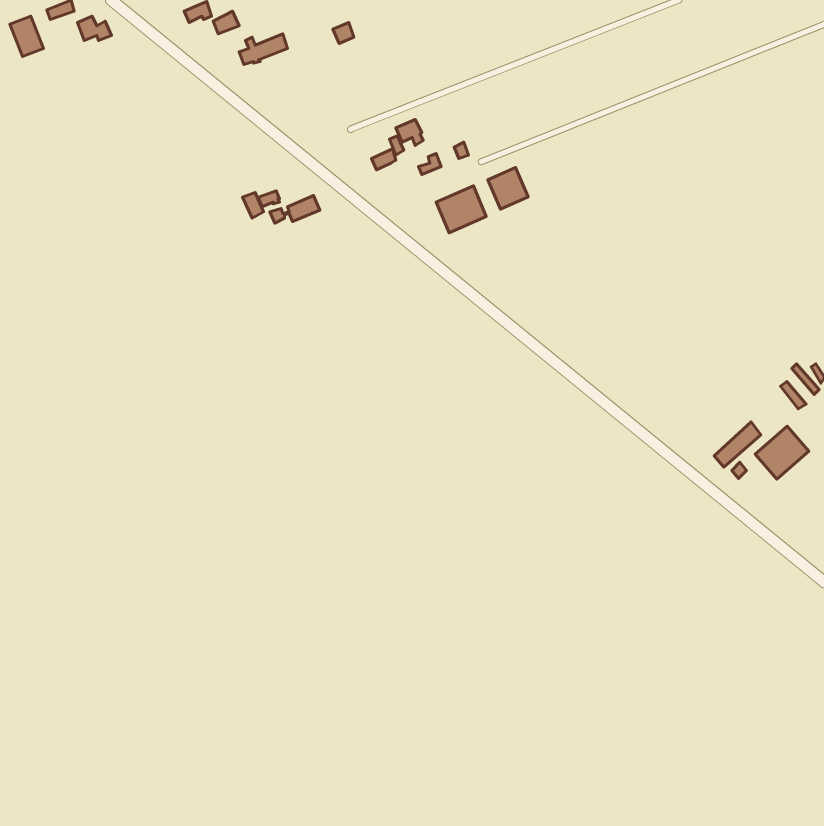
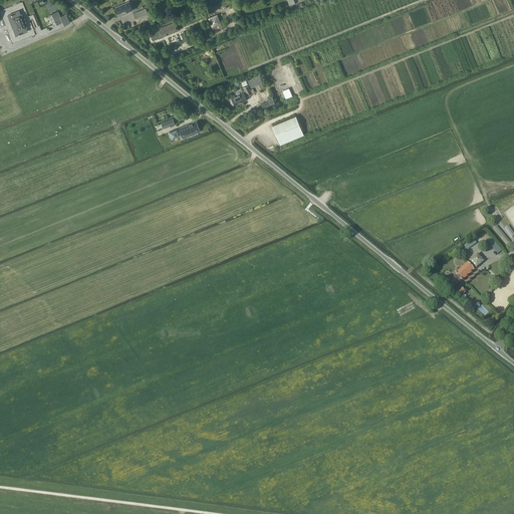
building: [488,167,528,209] -> none
building: [755,426,809,479] -> none

